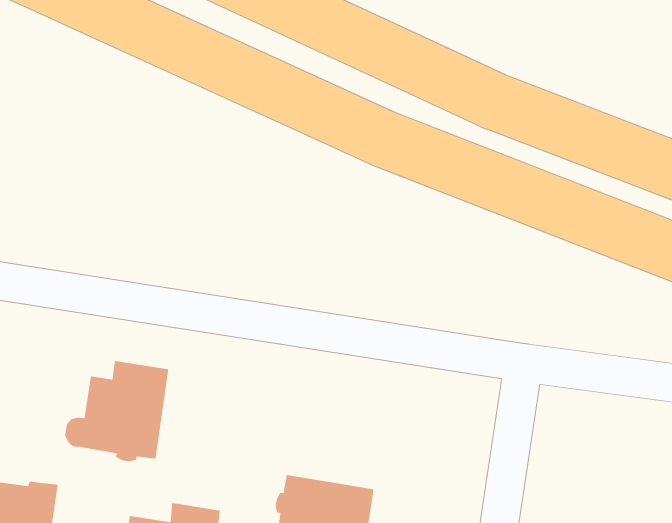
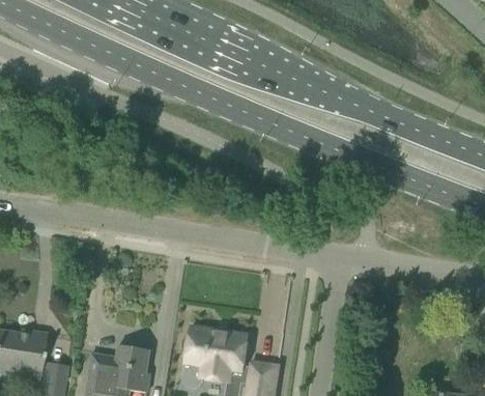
building: [64,360,169,462] -> none

